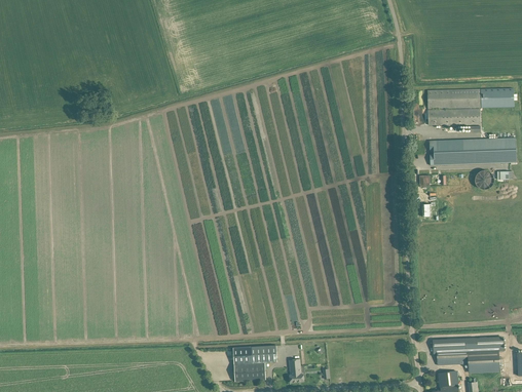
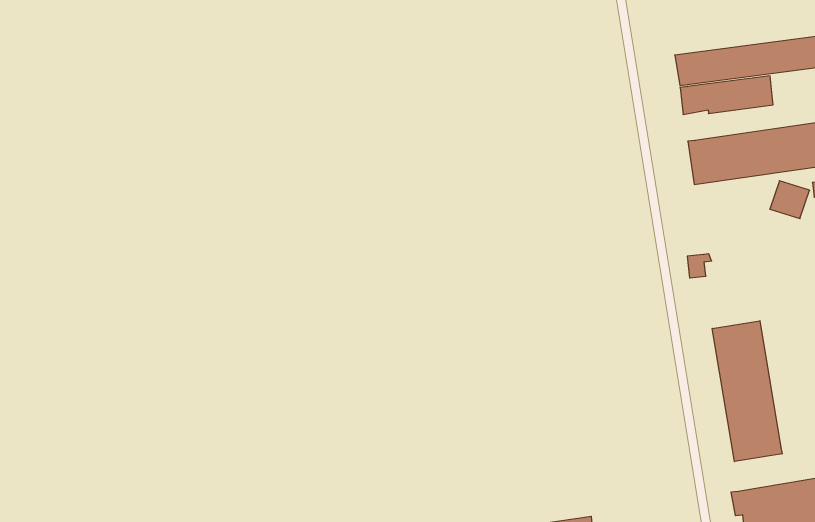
building: none -> [712,321,782,462]

